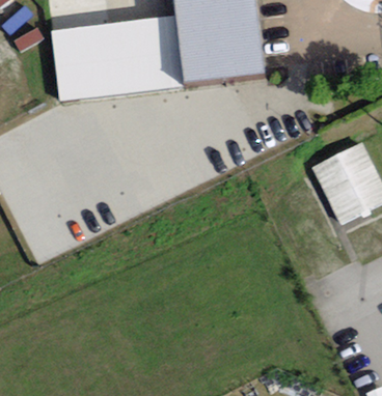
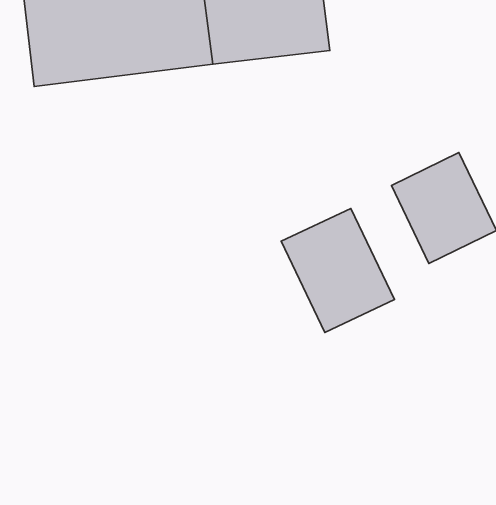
building: none -> [281,208,395,332]

